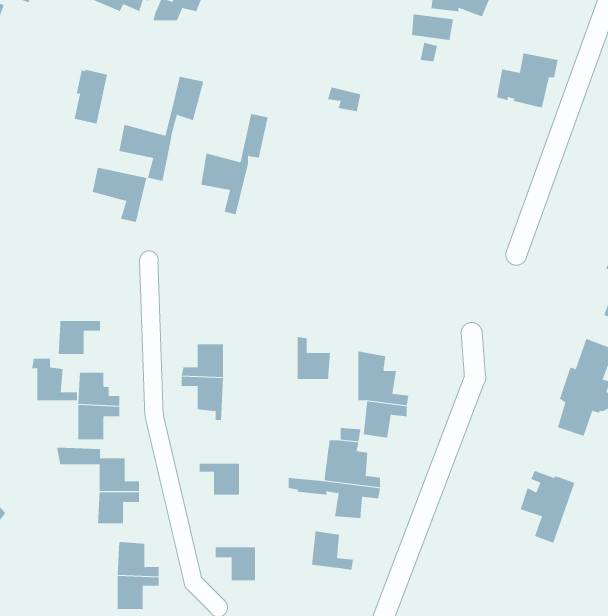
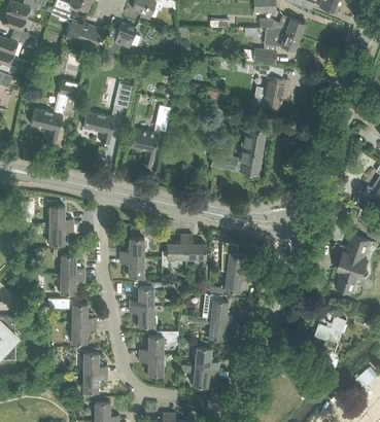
building: [496,53,558,108] -> [252,76,288,108]
building: none -> [210,127,267,174]
building: [92,167,147,222] -> [31,109,63,141]
building: none -> [162,234,186,268]
building: [31,358,78,401] -> [46,200,73,224]
building: none -> [130,282,163,307]
building: none -> [139,330,178,355]
building: none -> [181,364,218,386]

